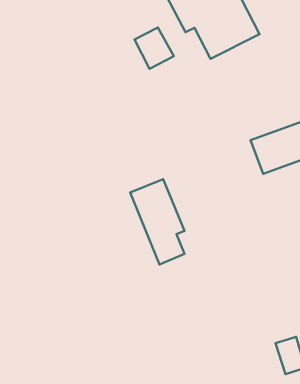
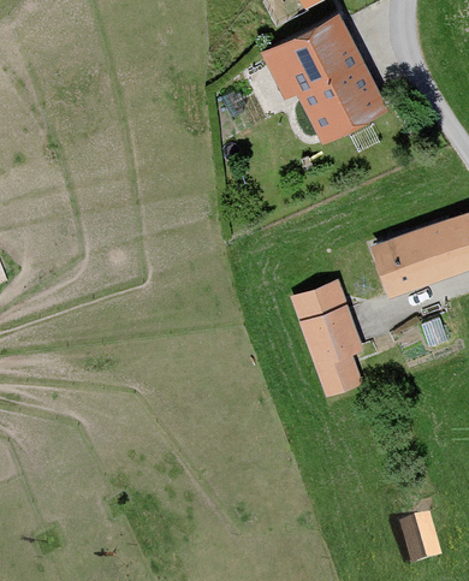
building: [134,27,174,69] -> none
building: [130,179,184,265] -> [292,280,366,396]

